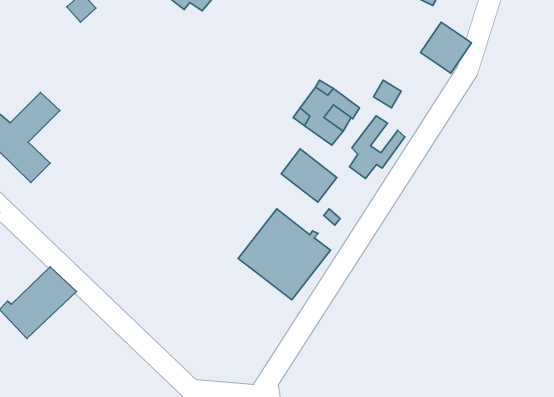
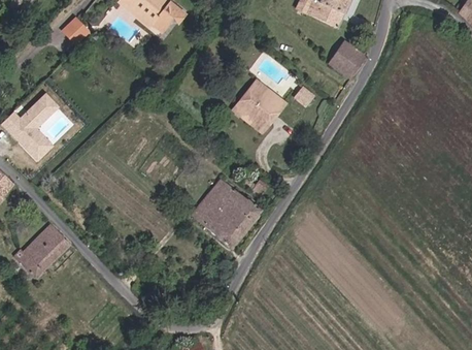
building: [350,116,405,178] -> none
building: [281,149,337,202] -> none

